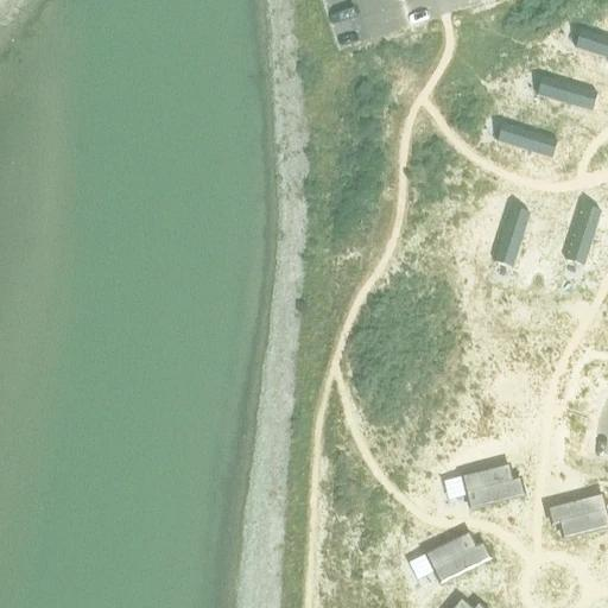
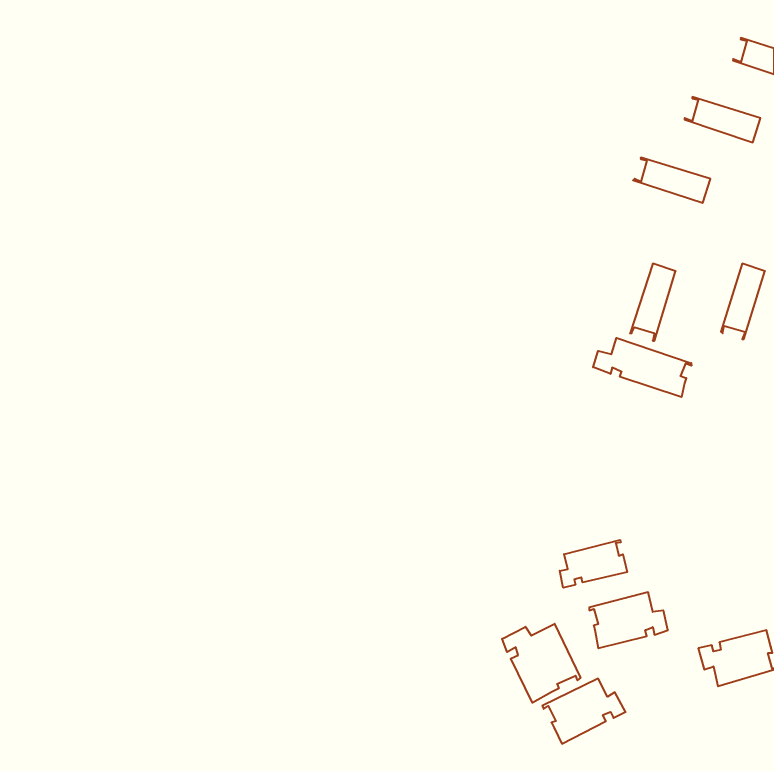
building: none -> [593,338,691,397]
building: none -> [560,540,627,588]
building: none -> [502,624,580,703]

